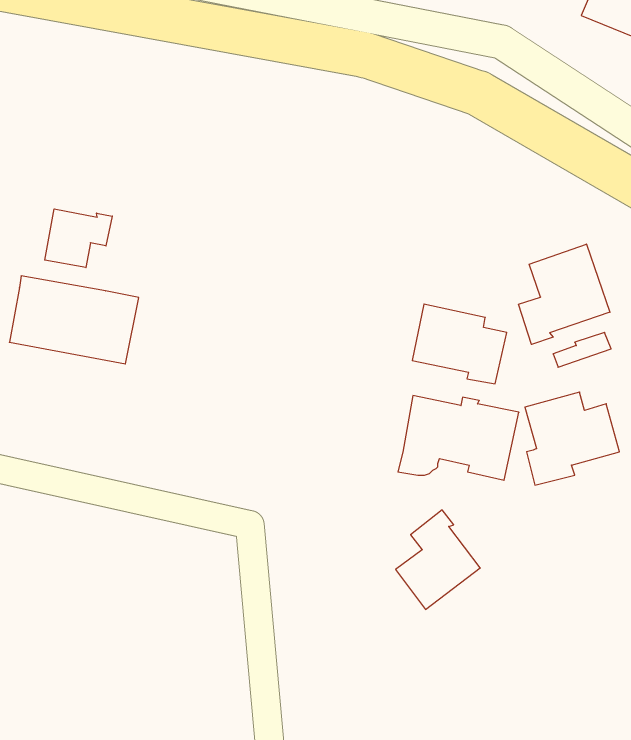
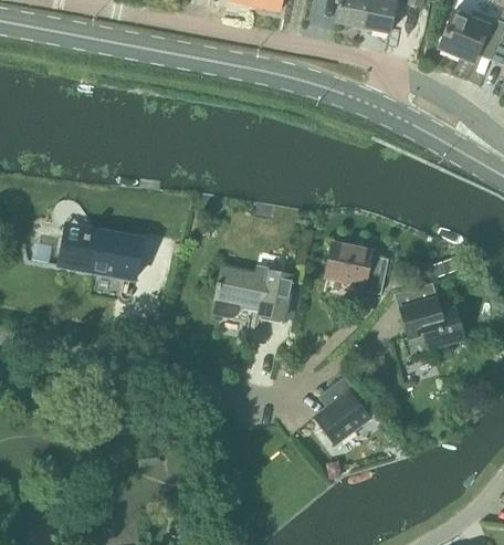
building: [45,209,112,268] -> none
building: [519,244,610,344] -> none
building: [398,396,519,480] -> [212,263,293,319]

